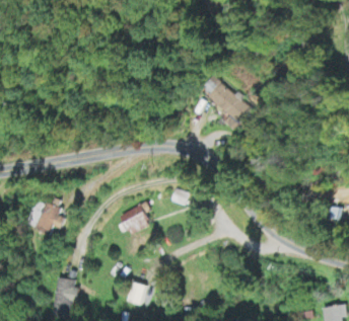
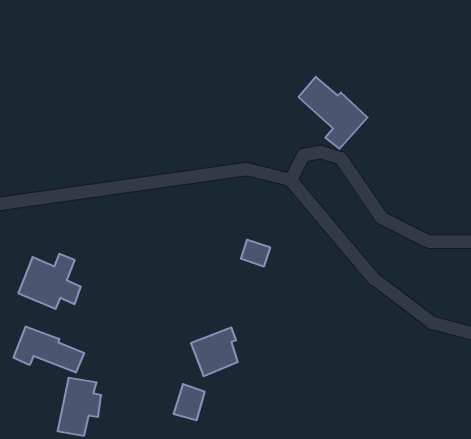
building: [120,203,150,234] -> [191,328,238,376]
building: none -> [14,326,84,373]

